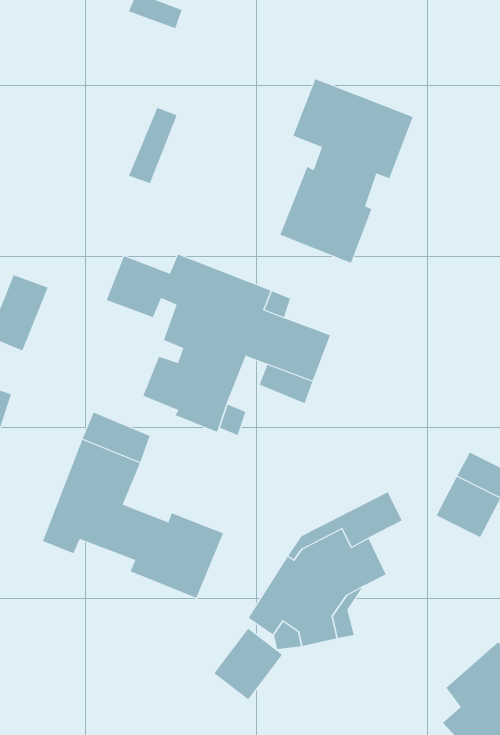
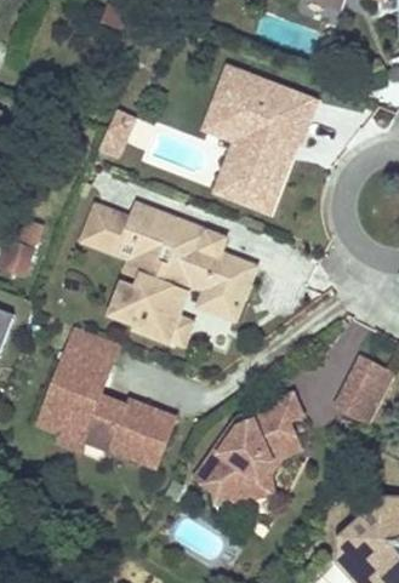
building: none -> [206,65,247,139]
building: [214,628,283,700] -> none

